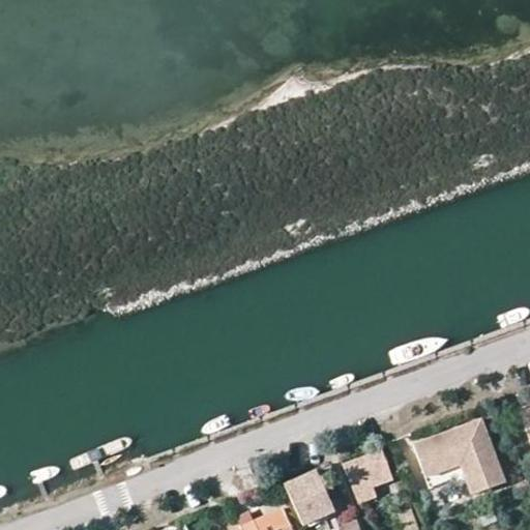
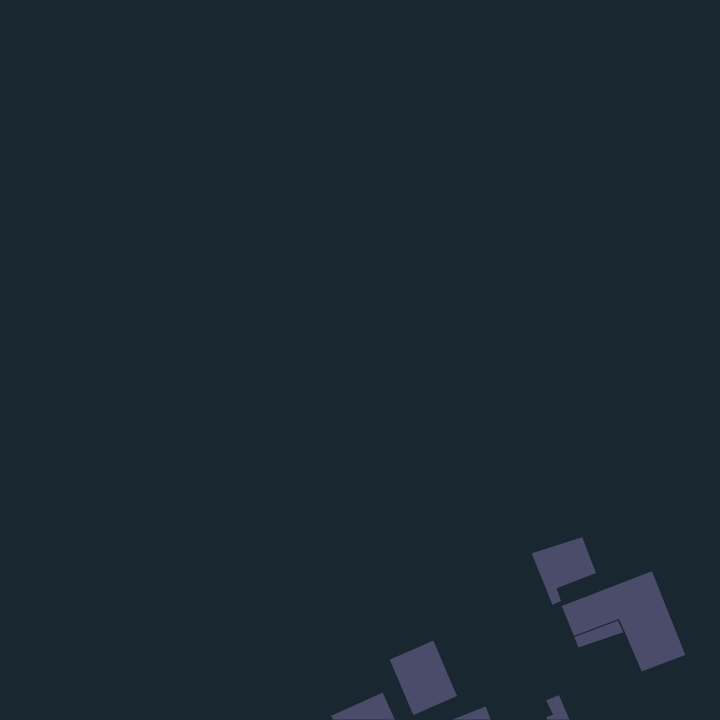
building: [343,451,391,502] -> [531,536,597,605]

